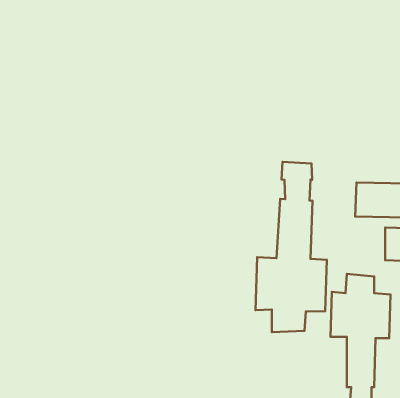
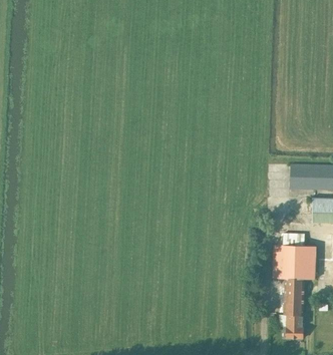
building: [255,162,327,332] -> none

